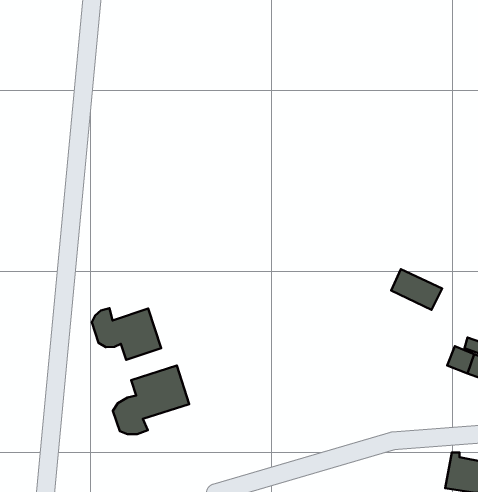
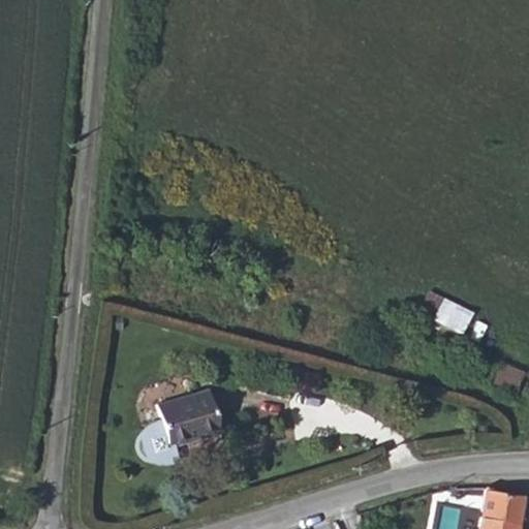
building: [92,308,161,360] -> none

